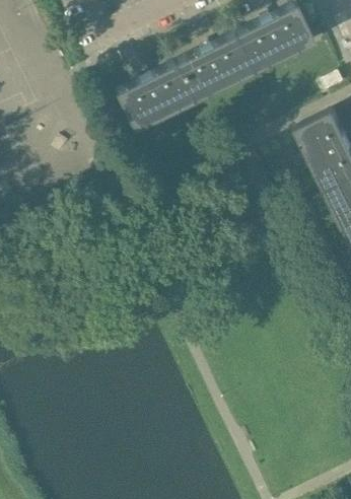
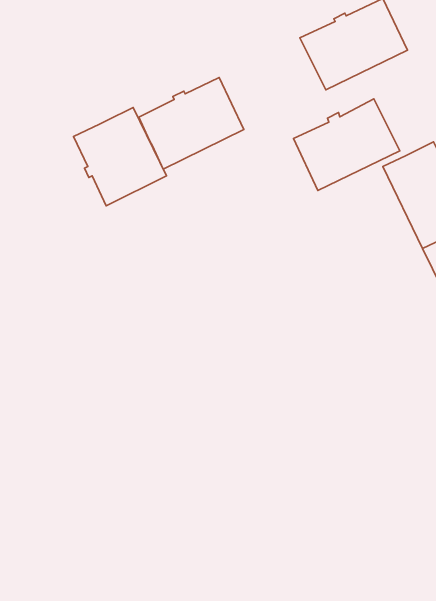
building: [173,34,253,102] -> [293,99,400,191]
building: none -> [74,107,167,206]

